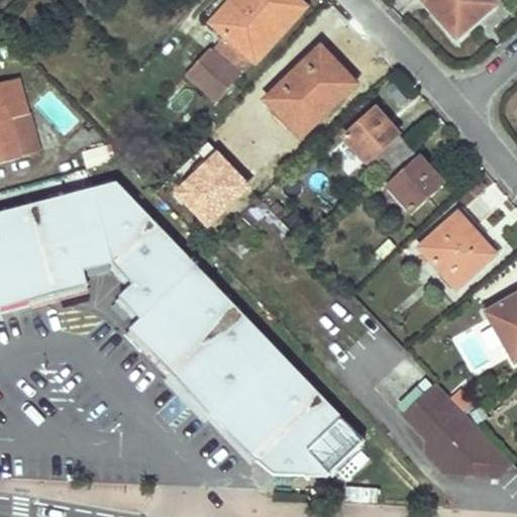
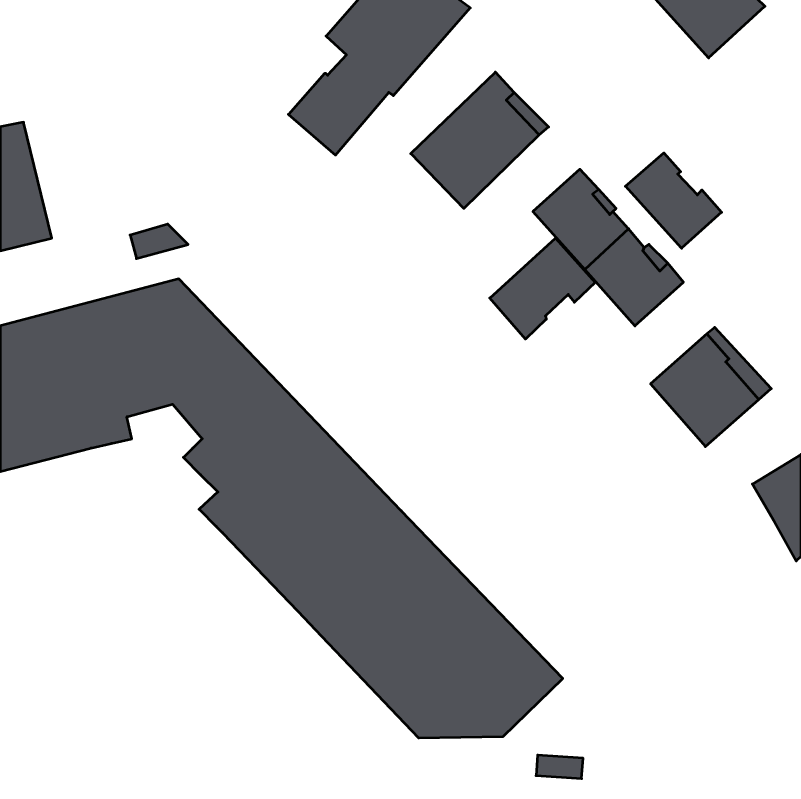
building: none -> [625,153,722,248]
building: [171,140,248,224] -> none
building: none -> [490,238,595,339]
building: [405,385,511,477] -> none

